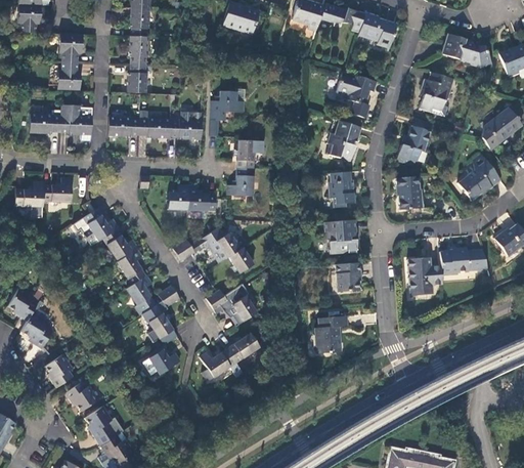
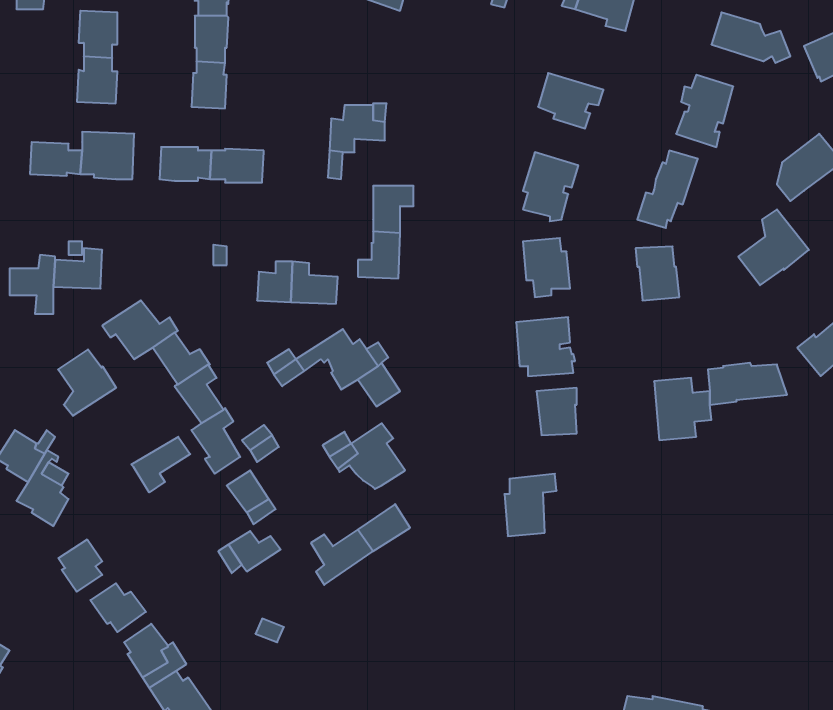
building: [169,111,201,139] -> none
building: none -> [58,349,116,416]
building: none -> [131,437,190,492]

